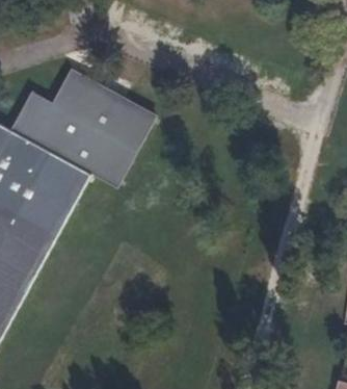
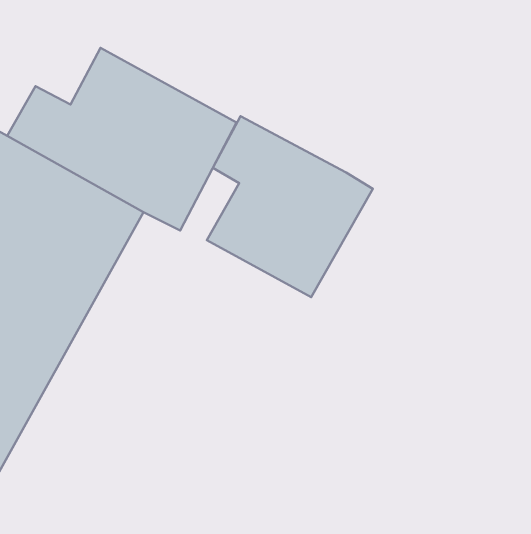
building: none -> [207,116,373,297]

